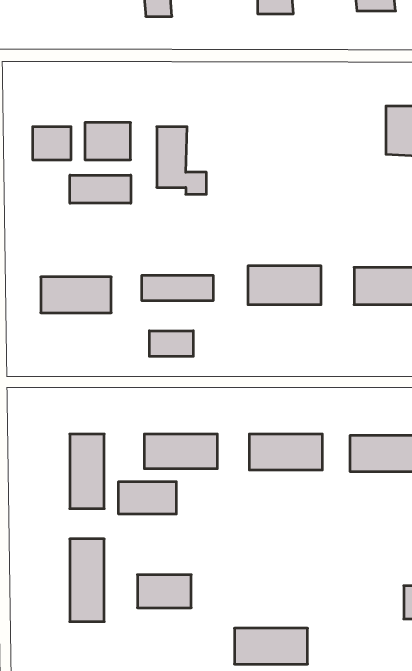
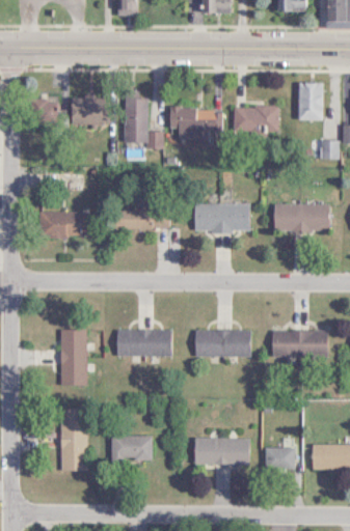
building: none -> [234,102,279,136]
building: none -> [169,108,223,142]
building: [70,175,131,203] -> none
building: [149,331,193,356] -> none
building: [119,482,176,514] -> none
building: none -> [266,447,294,470]
building: [234,628,308,664] -> [194,438,249,465]

